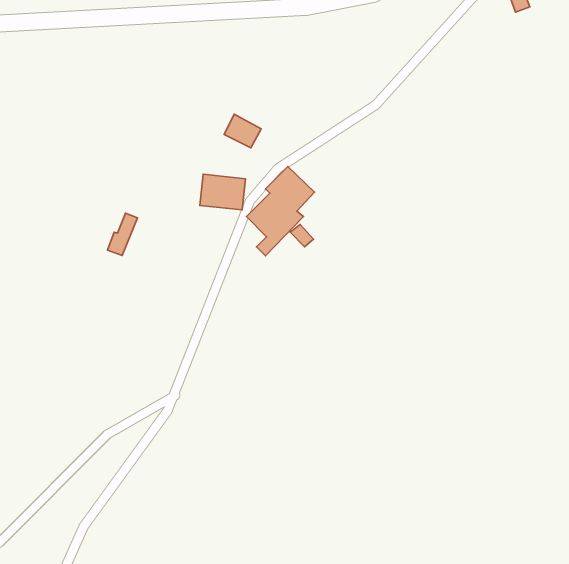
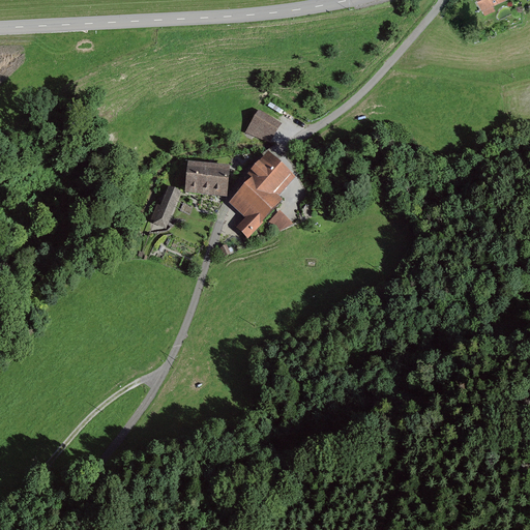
building: [224,114,261,148] -> [247,106,282,137]
building: [108,213,138,256] -> [151,183,179,223]

